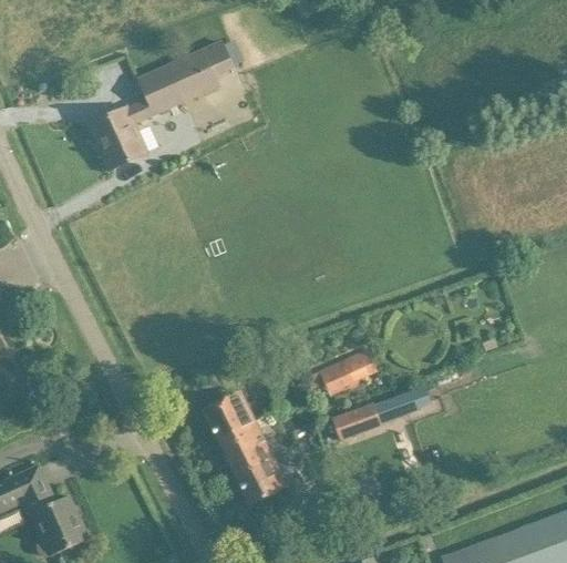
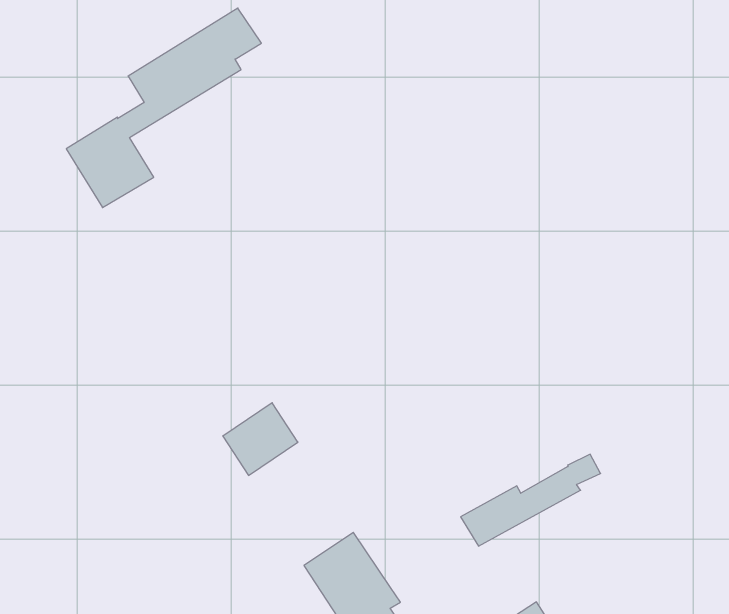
building: [307,350,375,396] -> none
building: [203,390,255,439] -> [223,403,298,475]

